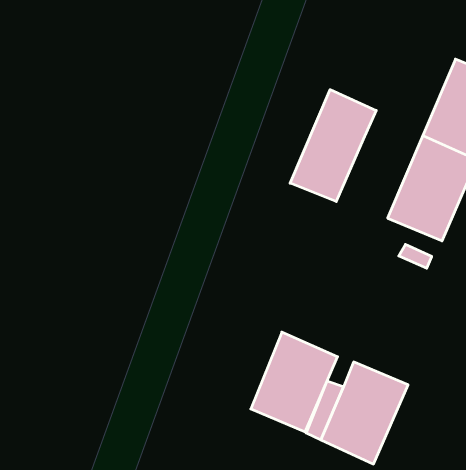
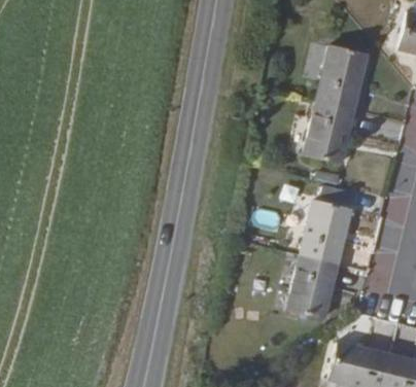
building: [290,90,376,202] -> none
building: [251,332,338,432] -> [299,199,350,261]

